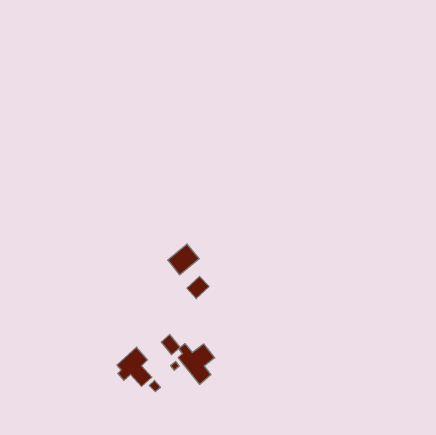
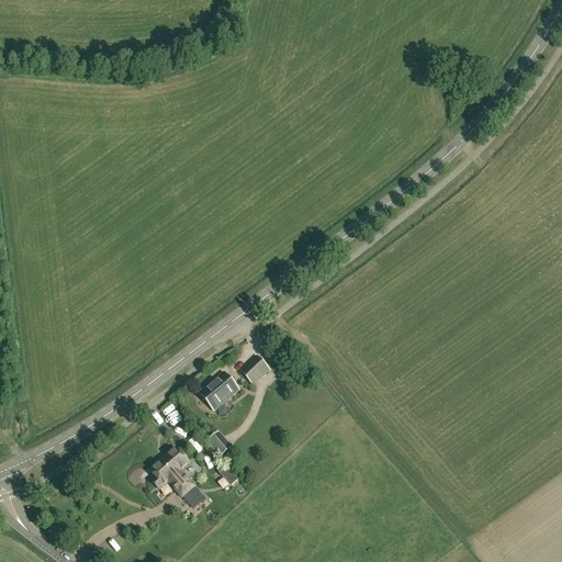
building: [168,244,199,275] -> [199,371,239,411]
building: [178,344,215,384] -> none

